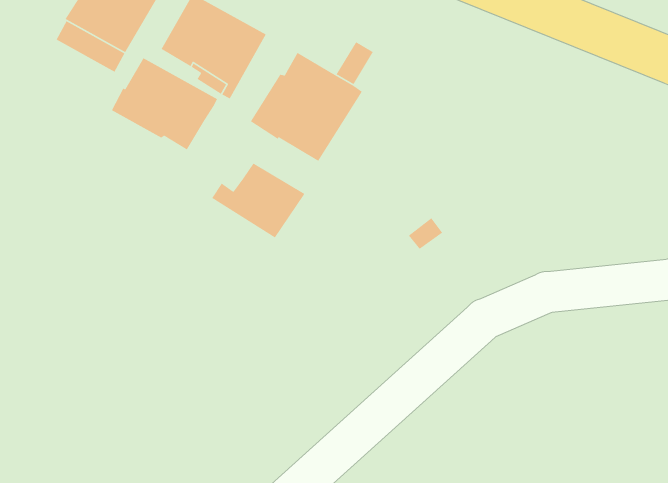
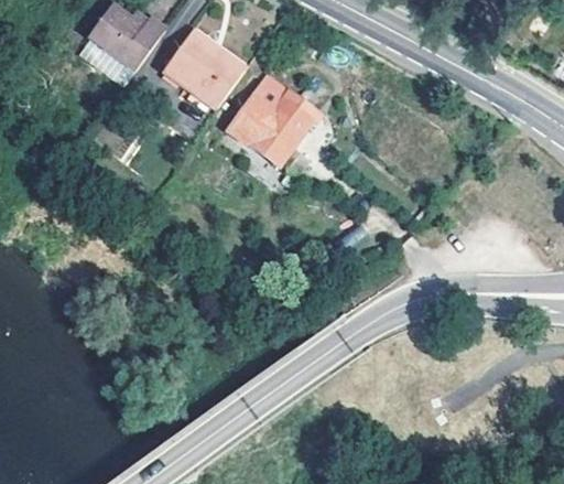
building: [111,57,218,150] -> none
building: [211,163,305,239] -> none

